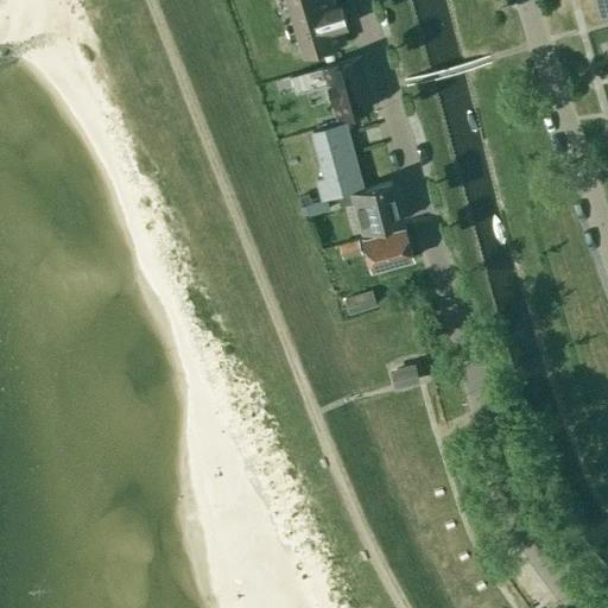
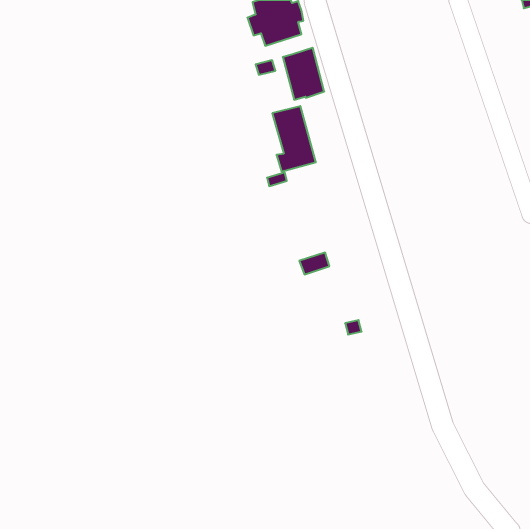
building: [337,182,404,233] -> none
building: [338,227,413,270] -> none

